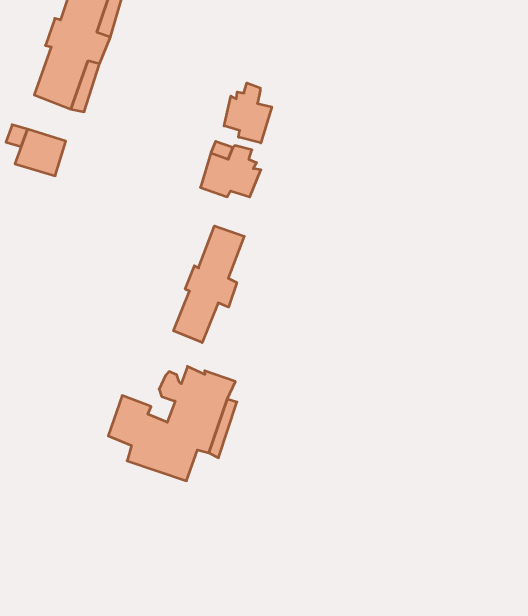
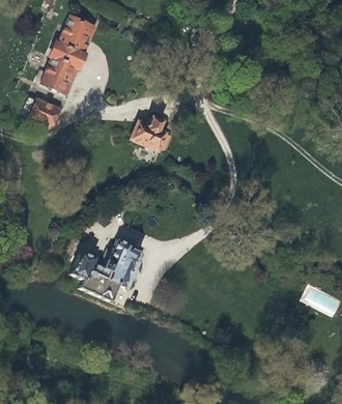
building: [224,83,272,143] -> none
building: [174,226,244,343] -> none

